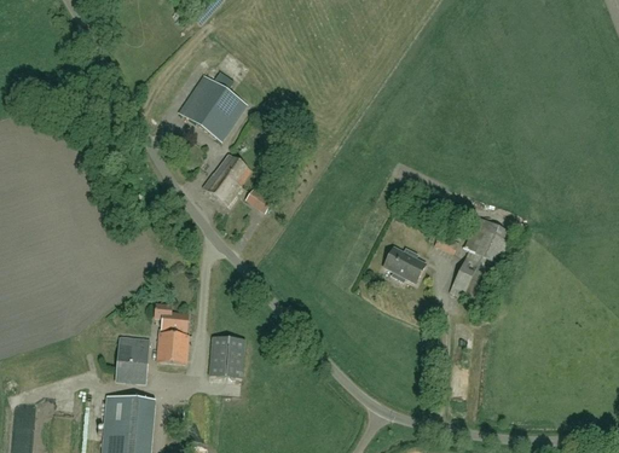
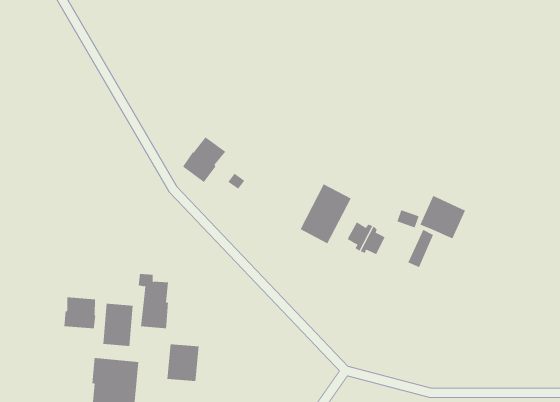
building: [179,74,248,140] -> none
building: none -> [300,184,351,244]
building: none -> [64,297,96,329]
building: [209,335,245,376] -> [166,344,200,381]

